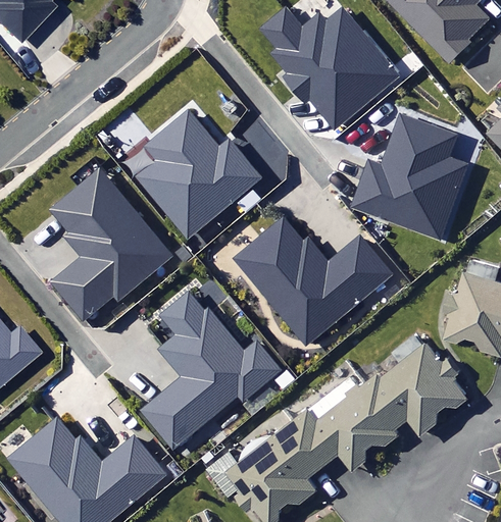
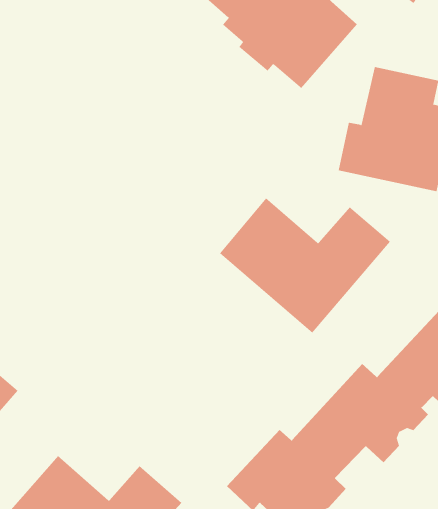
building: [139,111,260,239] -> none
building: [52,171,168,315] -> none
building: [142,291,280,447] -> none

